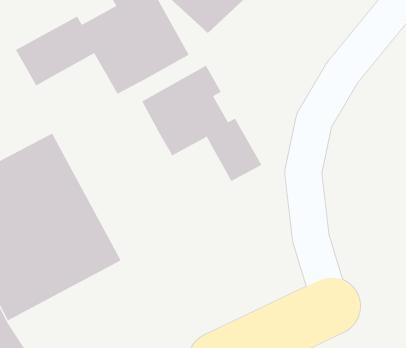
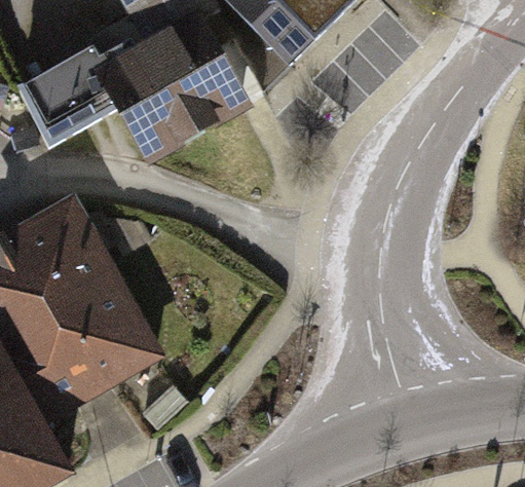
building: [141,65,262,182] -> none

